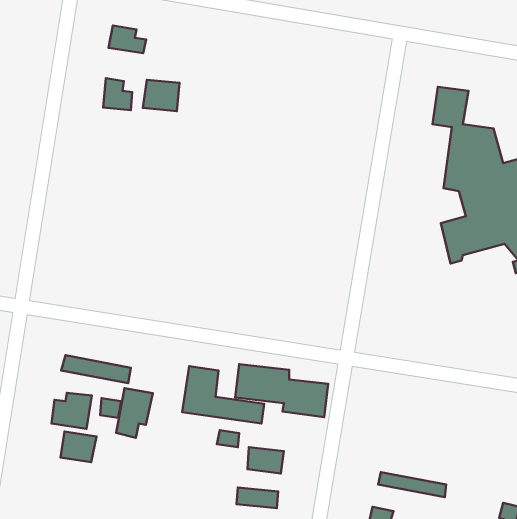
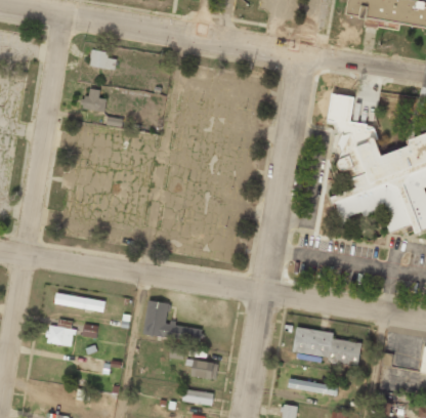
building: [143,80,180,111] -> none
building: [235,364,328,417] -> [292,328,360,367]
building: [116,388,153,438] -> none
building: [61,431,96,462] -> none

